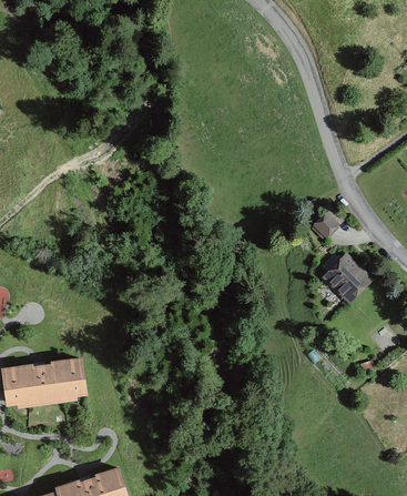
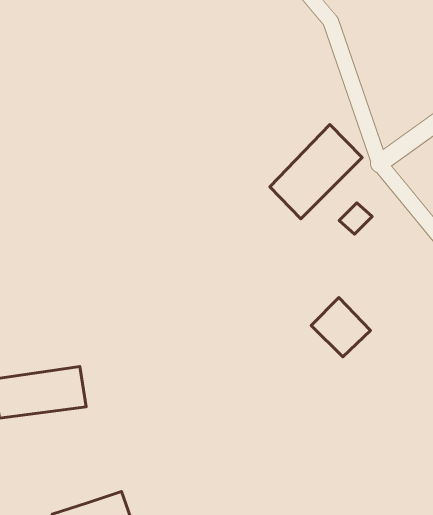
building: none -> [270,125,362,219]
building: [319,255,372,307] -> [311,298,370,357]

